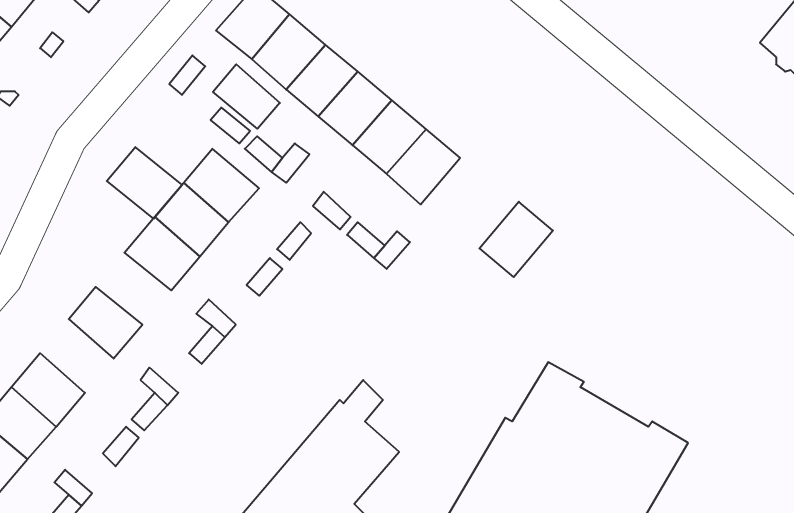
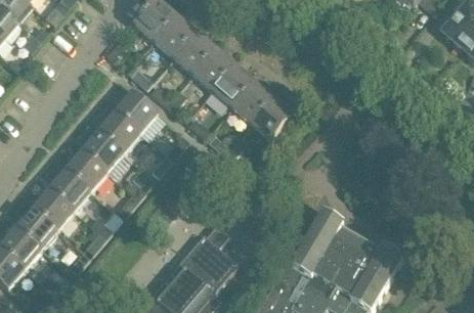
building: [213,64,280,129] -> none
building: [107,147,182,219] -> [64,150,107,191]
building: [479,202,553,277] -> [250,96,292,139]
building: none -> [33,188,75,230]

